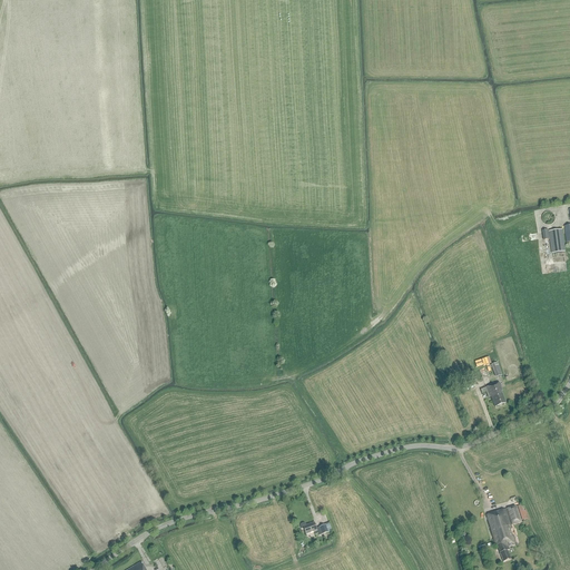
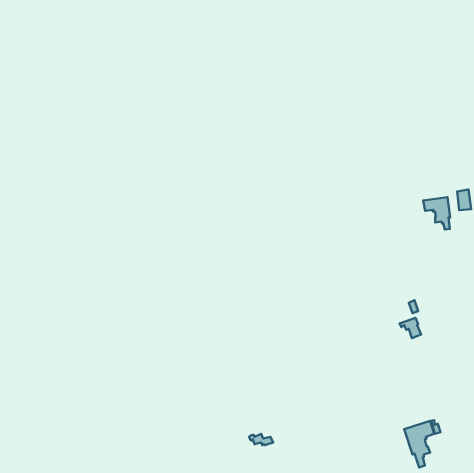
building: none -> [423,197,450,230]

